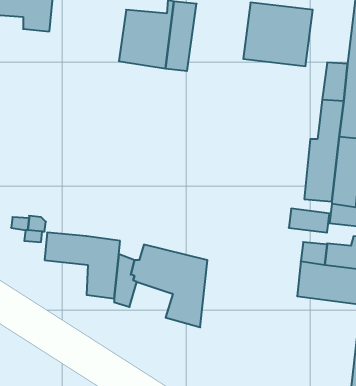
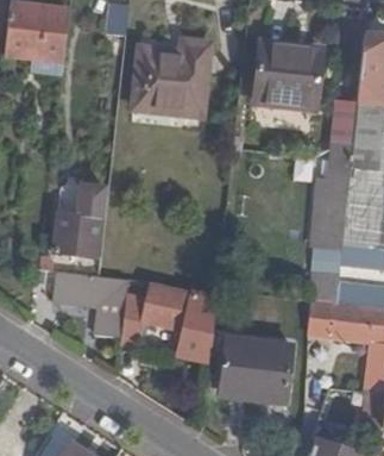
building: none -> [51,187,101,258]
building: none -> [225,342,297,412]

